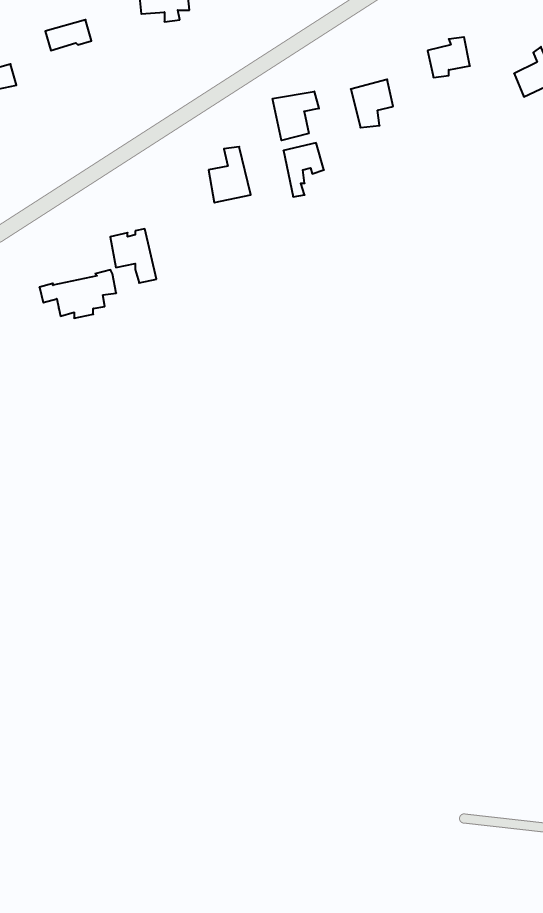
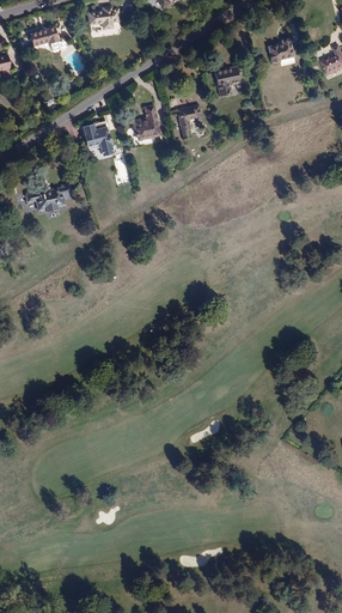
building: [273,91,319,140] -> none
building: [110,229,156,283] -> [87,125,116,158]

